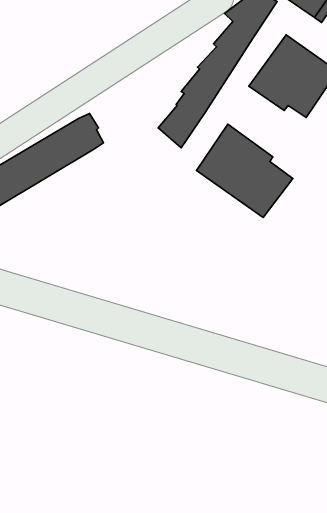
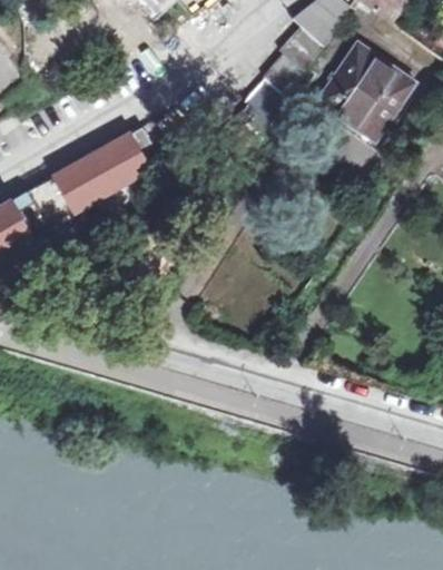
building: [197,124,293,218] -> none

